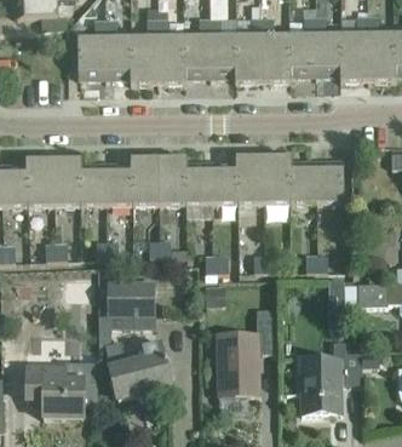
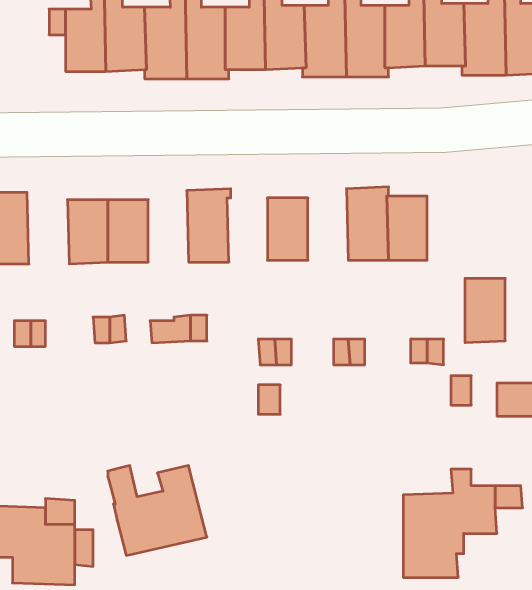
building: [236,156,265,204] -> none
building: [53,157,82,206] -> none
building: [131,157,160,205] -> none
building: [317,161,344,204] -> [465,278,505,343]
building: [185,162,212,205] -> none
building: [98,281,156,346] -> none
building: [218,315,278,396] -> none

